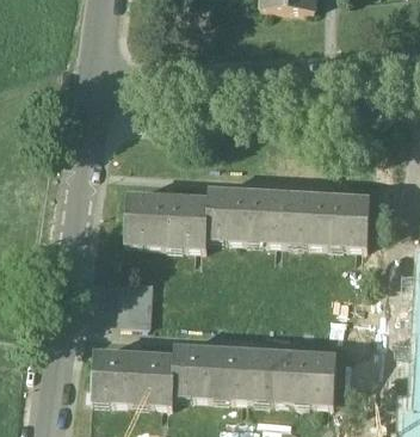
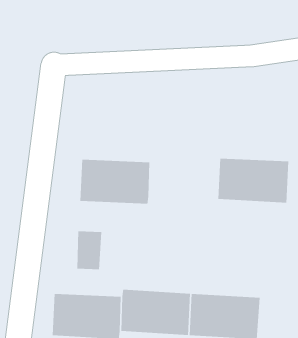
building: [206,187,289,240] -> none

